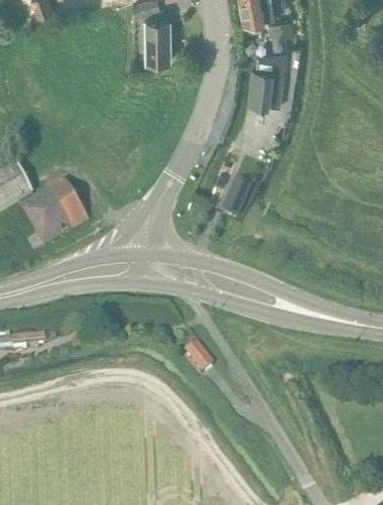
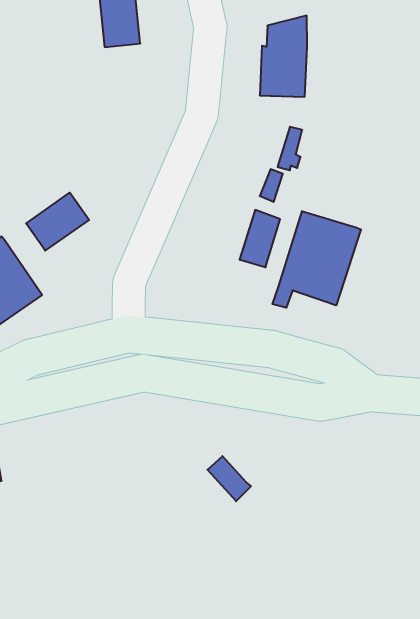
building: none -> [26,193,89,251]
building: none -> [272,211,361,308]

